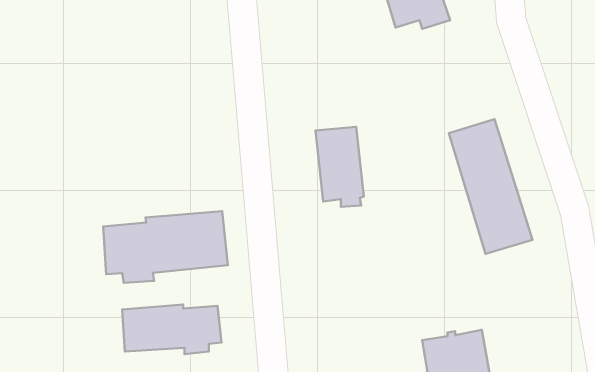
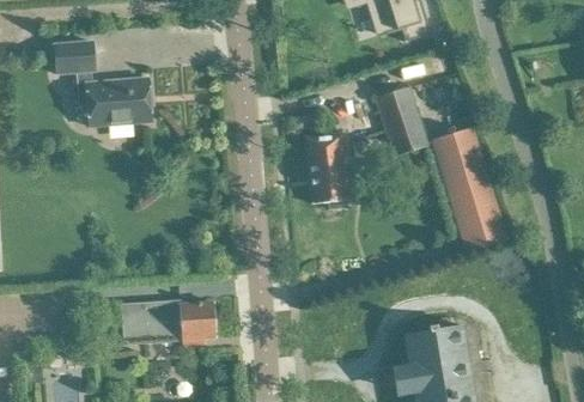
building: none -> [51,39,150,124]
building: none -> [372,85,425,154]
building: [103,211,228,283] -> none

